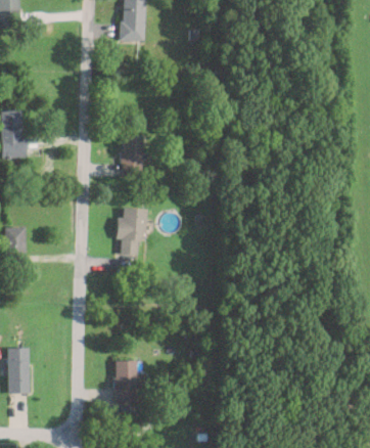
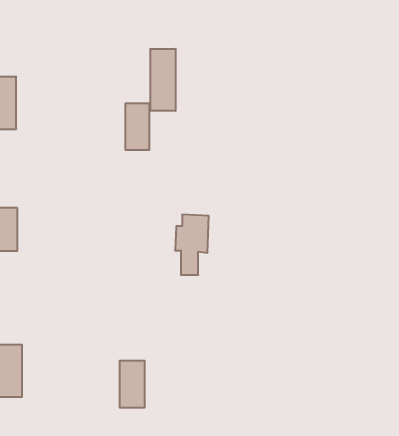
building: none -> [150,49,176,111]
building: [117,207,146,260] -> [175,215,209,275]

